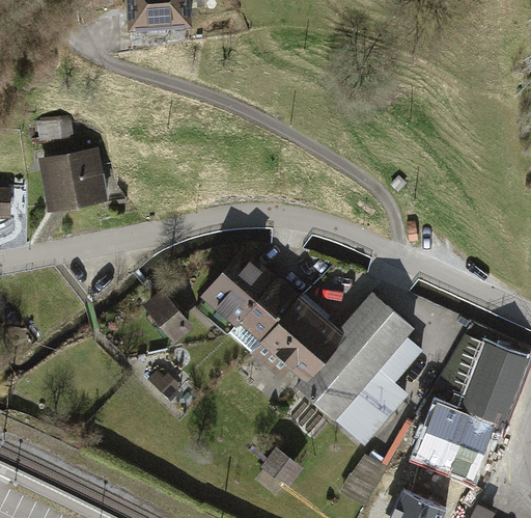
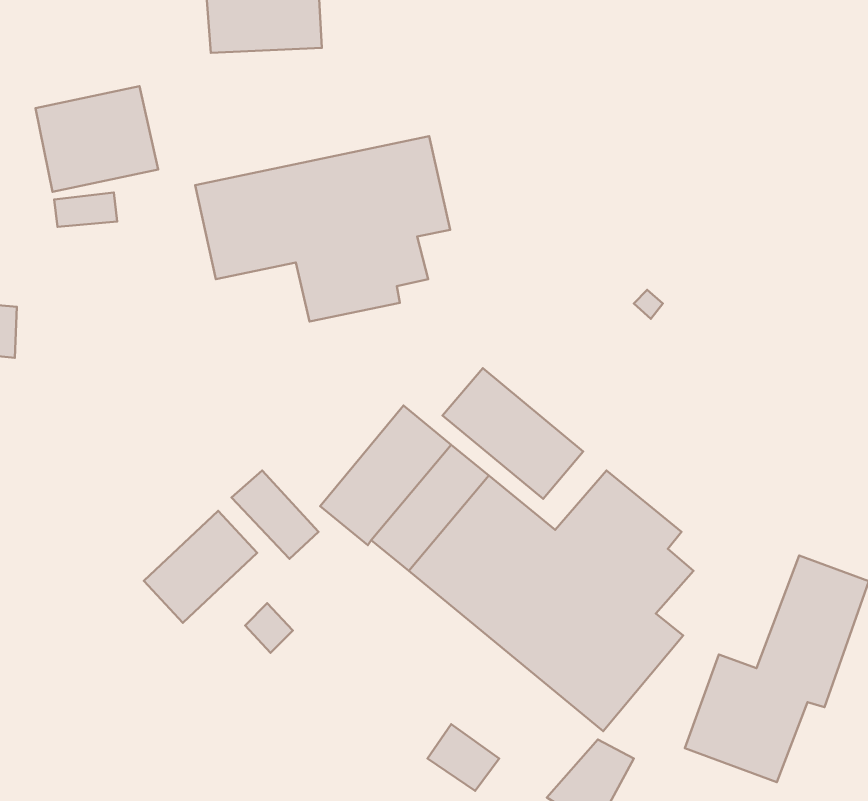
building: none -> [195,136,450,321]
building: [36,145,111,210] -> [35,86,158,192]
building: none -> [443,368,583,499]
building: none -> [144,511,257,623]

